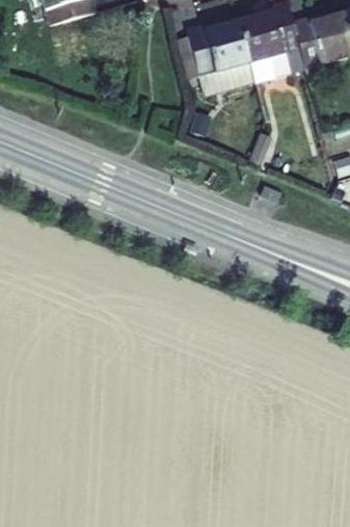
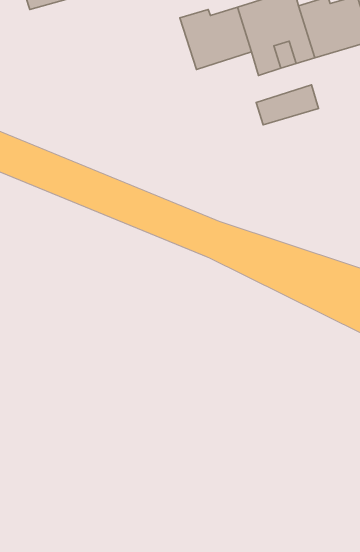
building: [201,61,257,97] -> [256,85,318,125]

